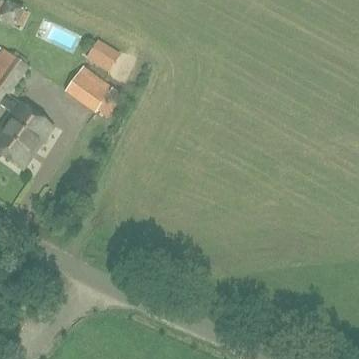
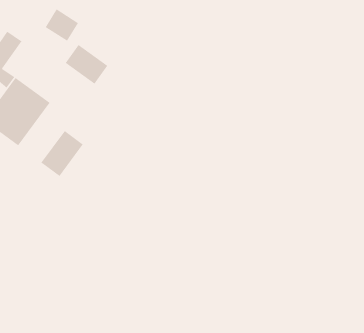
building: [86,39,119,71] -> [45,9,79,42]
building: none -> [40,130,84,177]

